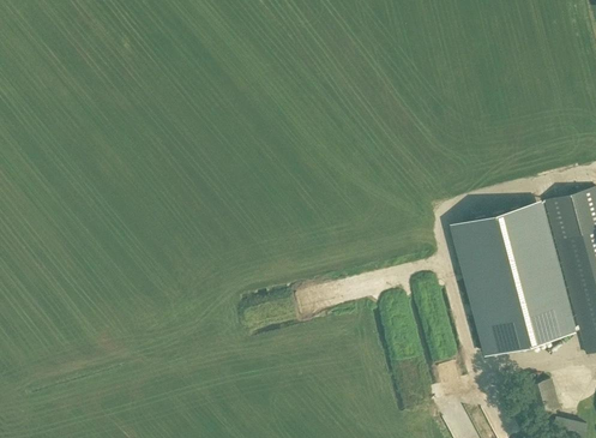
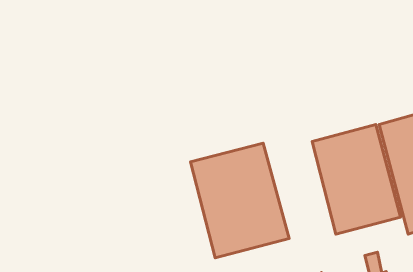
building: none -> [190,143,289,258]

